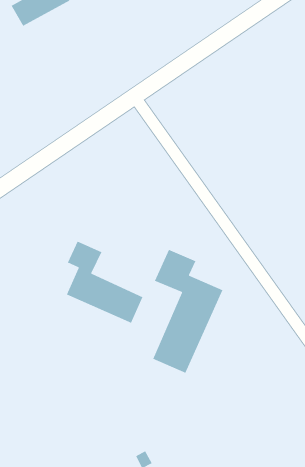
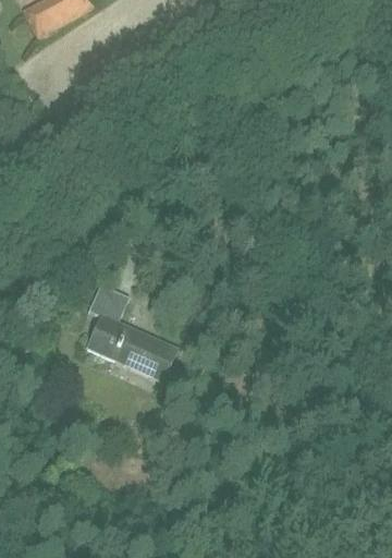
building: [152,249,223,374] -> none

